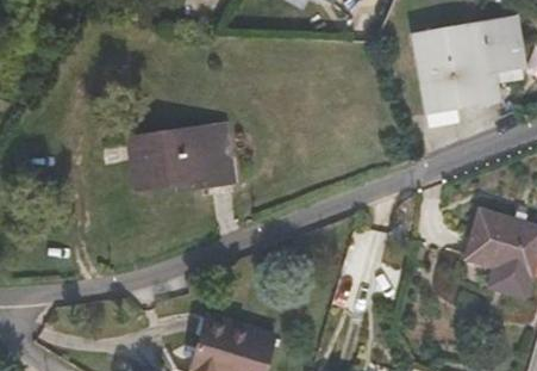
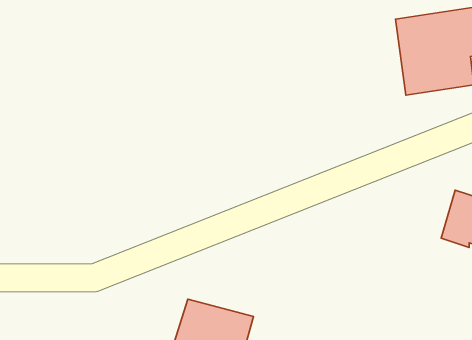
building: [114,124,223,187] -> none

